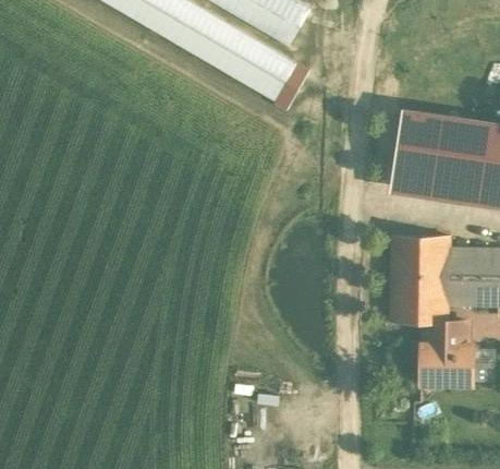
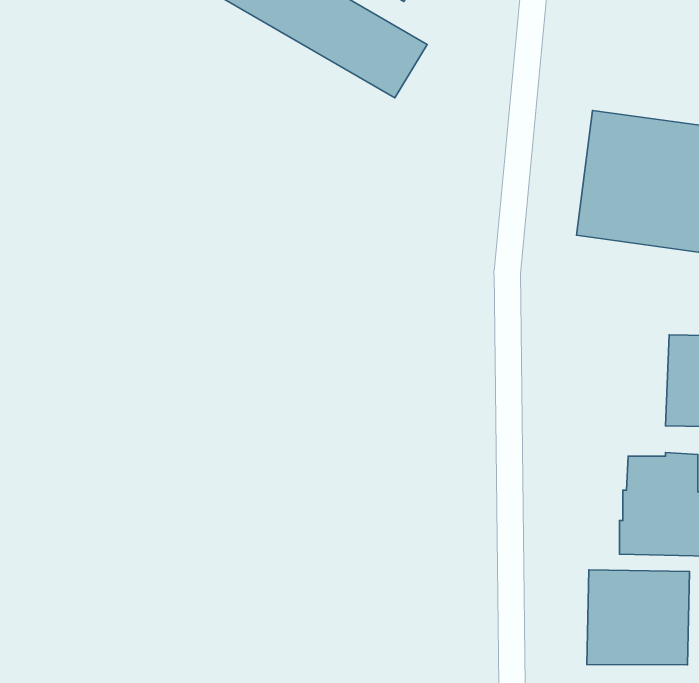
building: [391,236,450,323] -> none
building: none -> [587,570,689,665]

